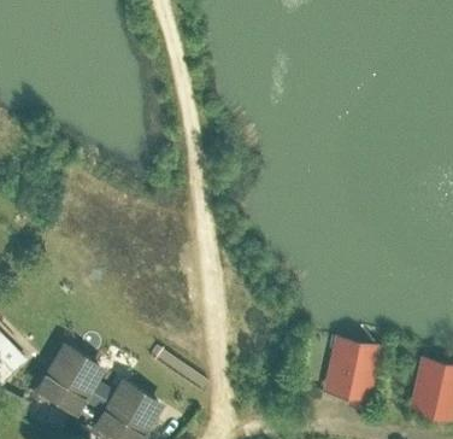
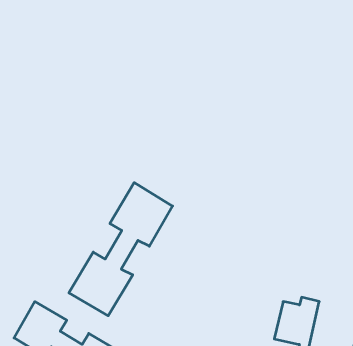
building: none -> [69,183,173,316]

